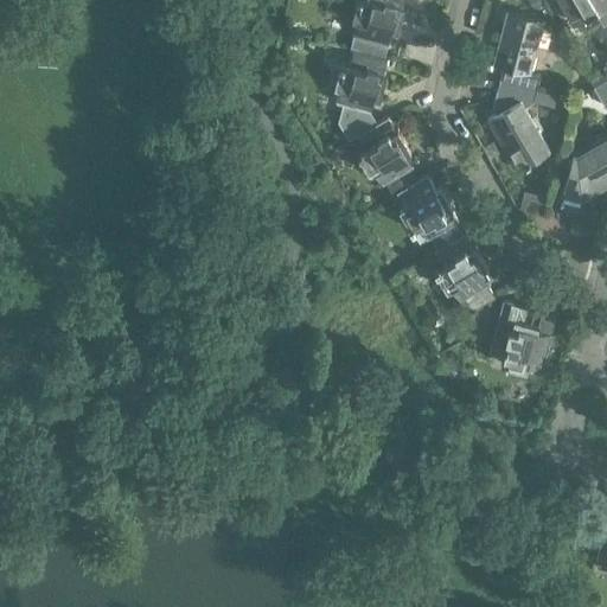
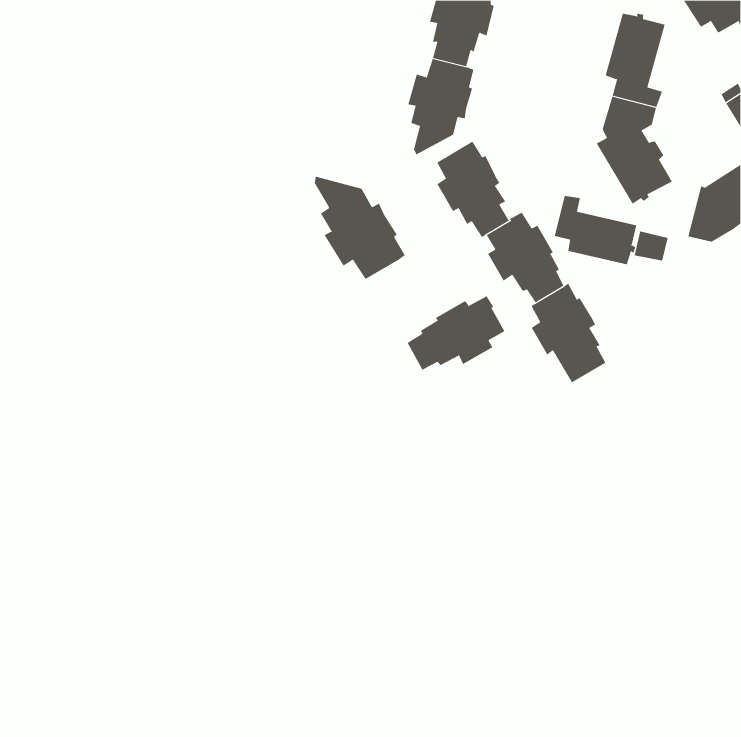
building: none -> [314,176,405,280]
building: none -> [554,195,637,265]
building: none -> [407,296,505,370]
building: [490,301,552,372] -> none

